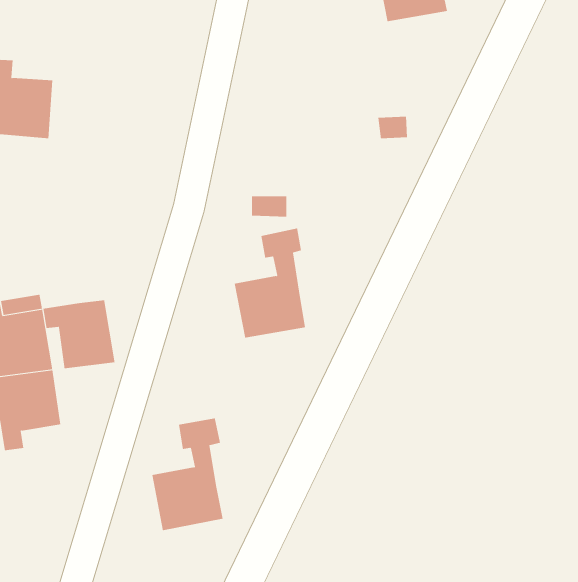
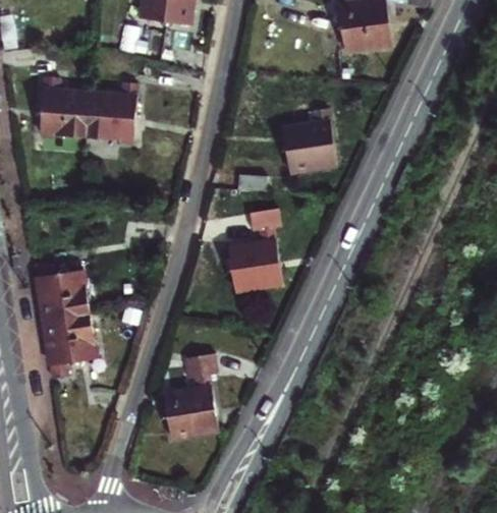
building: none -> [86,82,137,141]
building: none -> [281,107,335,171]
building: [43,299,115,369] -> none

